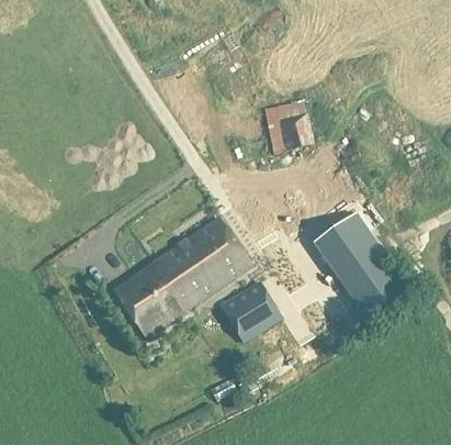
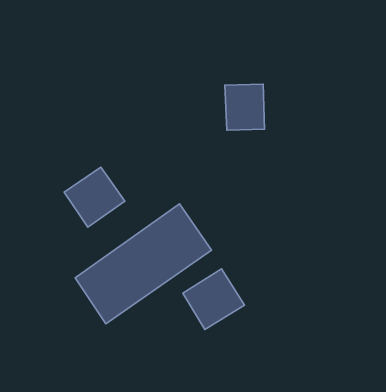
building: none -> [64,167,125,227]
building: [314,214,411,325] -> none

